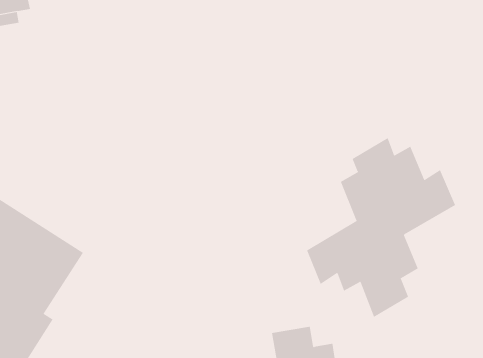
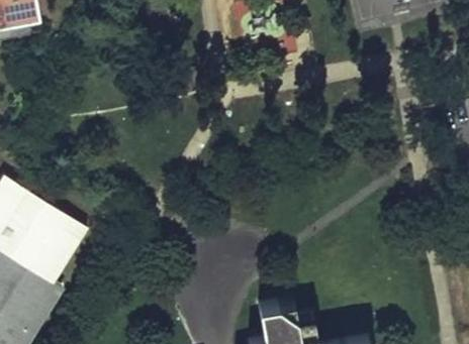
building: [307,137,456,318] -> none

